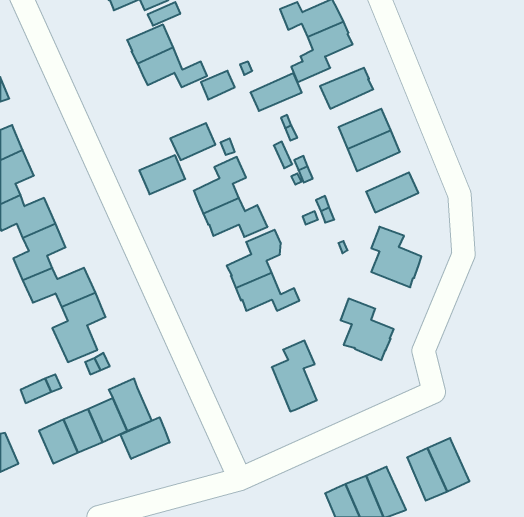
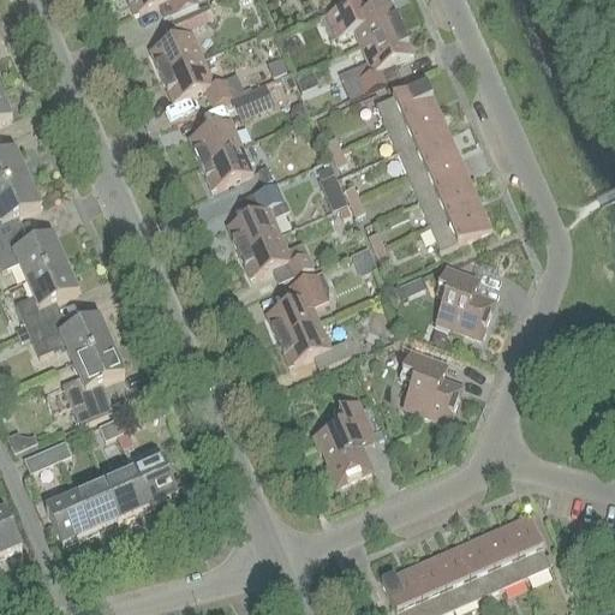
building: [250,73,302,111] -> [387,105,447,149]
building: none -> [418,178,479,225]
building: [139,155,185,194] -> [187,117,241,162]
building: [120,417,170,459] -> none
building: none -> [453,536,498,597]

